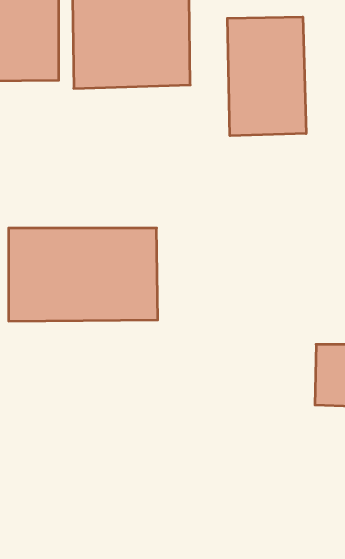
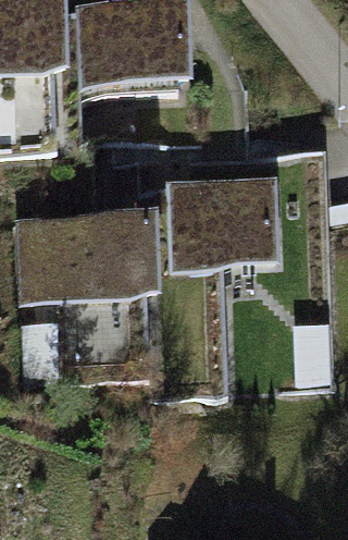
building: [227,17,306,136] -> none
building: none -> [166,172,278,262]

